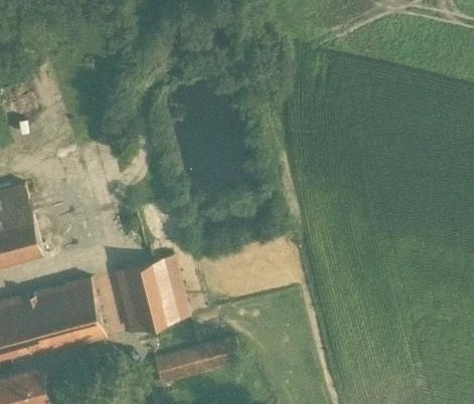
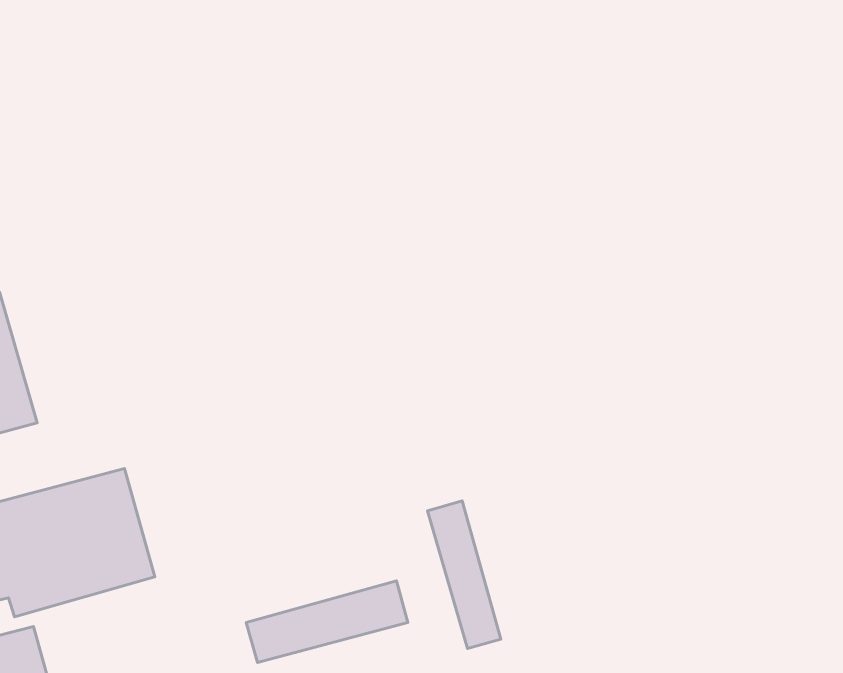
building: [113,257,186,331] -> none
building: none -> [427,501,501,648]

